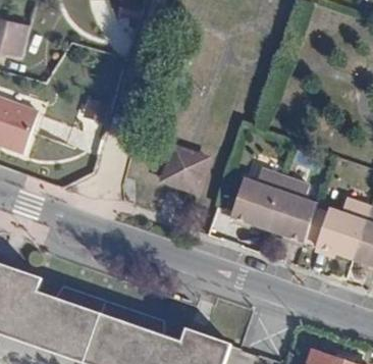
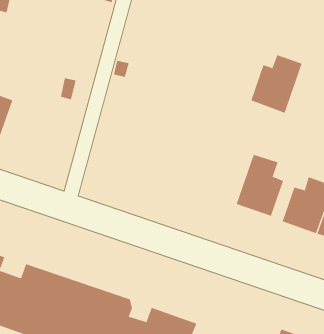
building: [158,144,212,200] -> none
building: [230,165,282,224] -> [250,54,302,114]

